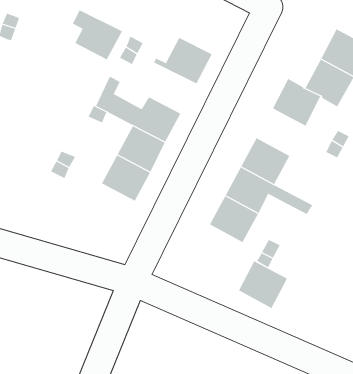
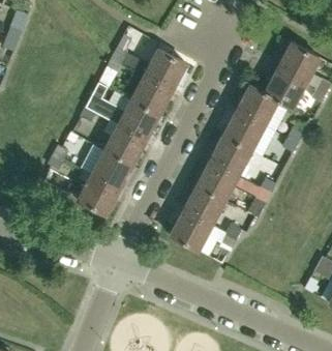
building: [72,9,123,60] -> [129,70,173,114]
building: none -> [223,110,266,150]
building: none -> [78,174,120,214]
building: [238,260,288,309] -> [170,209,212,251]

